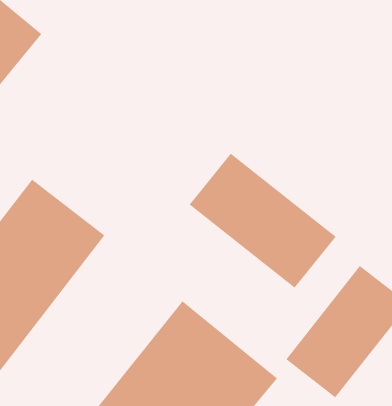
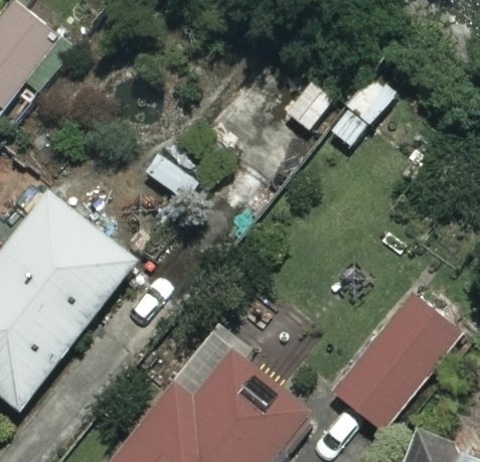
building: [189,153,336,288] -> none

